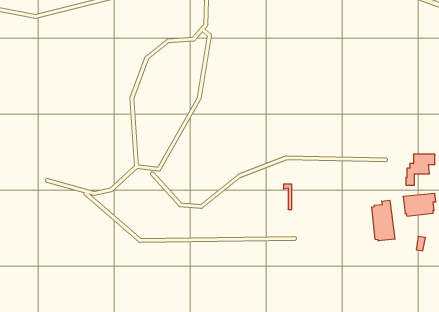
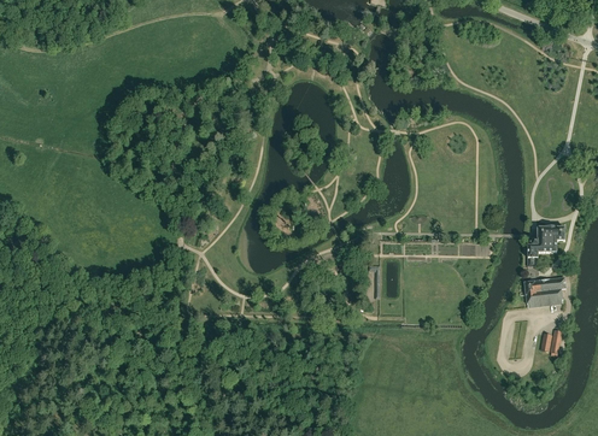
building: [372,200,395,241] -> none

